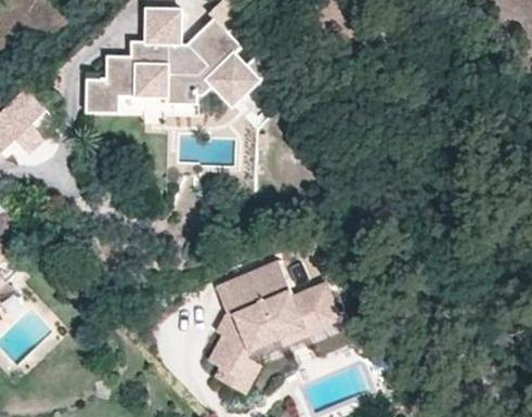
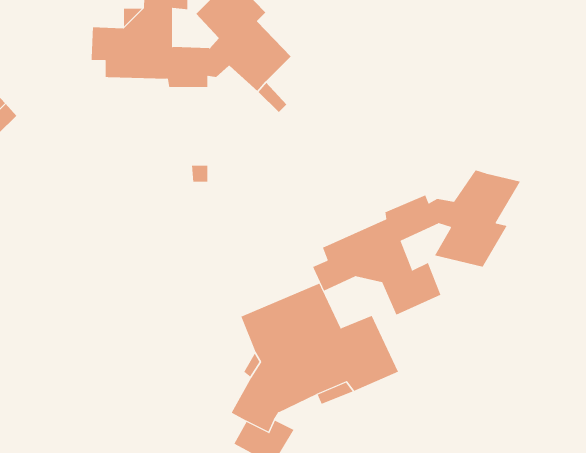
building: [85,80,117,113] -> none
building: none -> [312,169,521,316]

